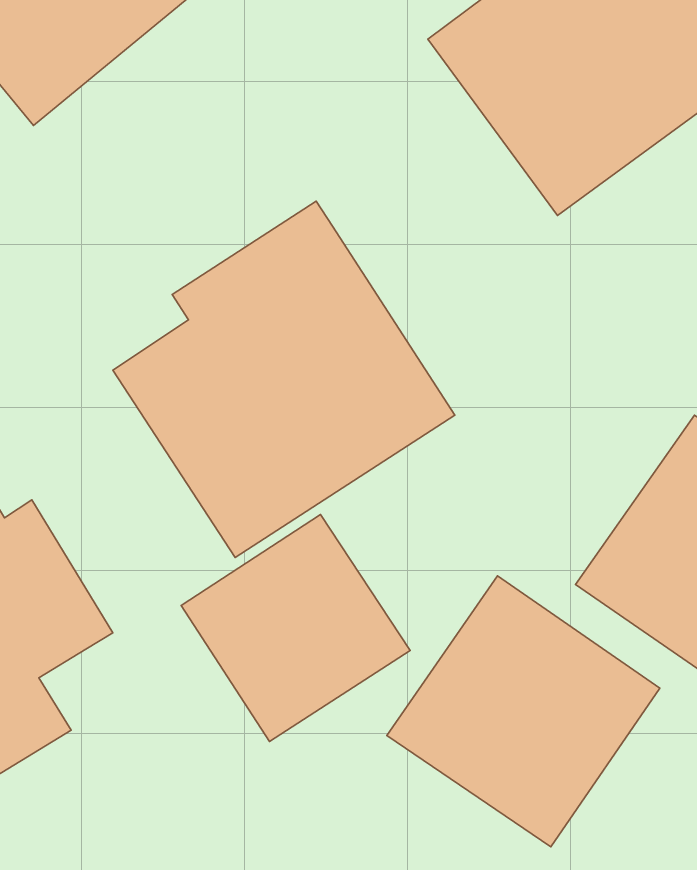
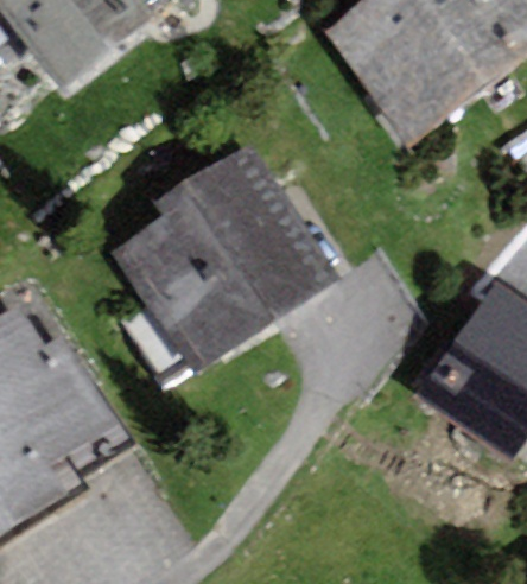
building: [181,515,410,742] -> none
building: [387,576,660,847] -> none

